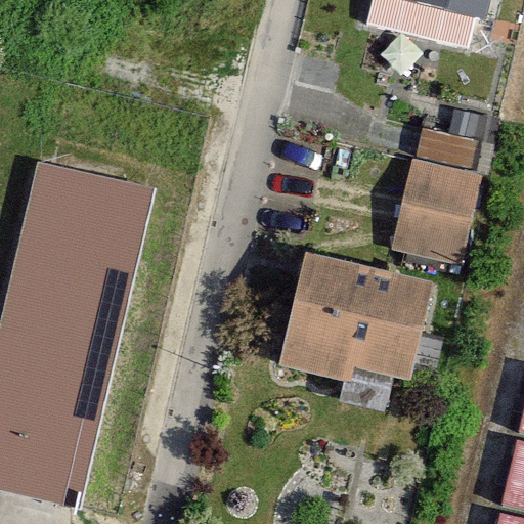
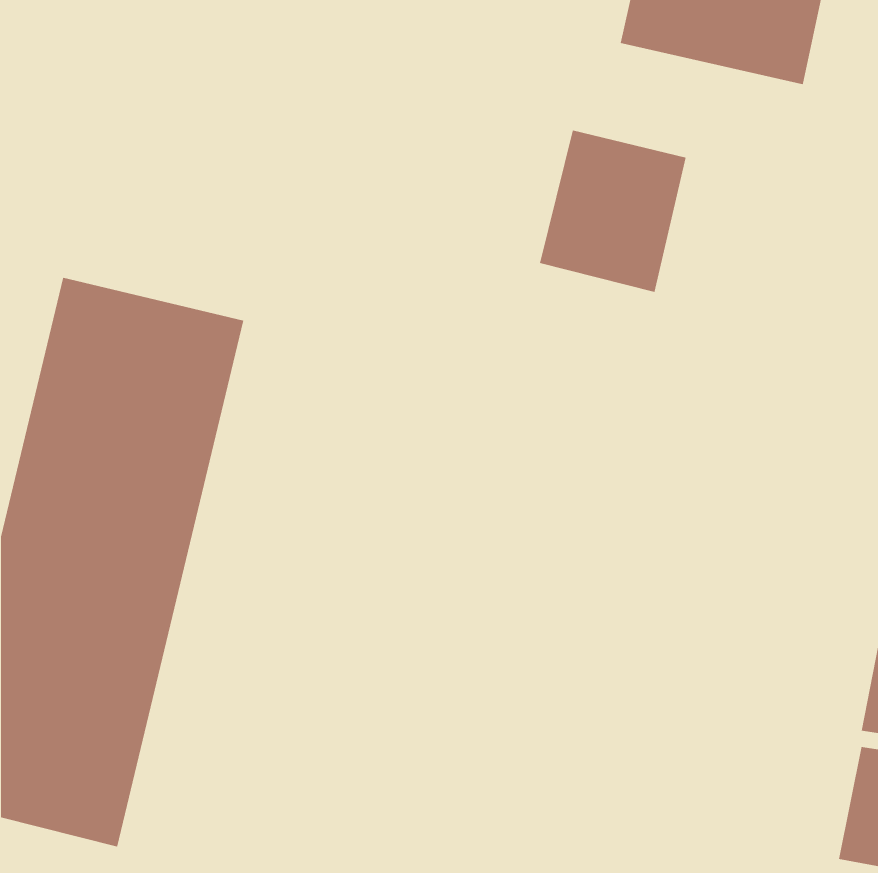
building: [393,157,480,253] -> [539,130,686,293]
building: [282,256,427,380] -> none

